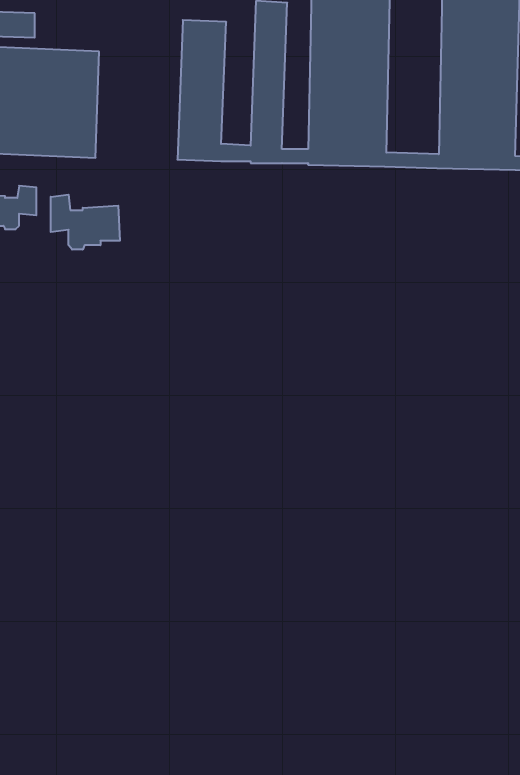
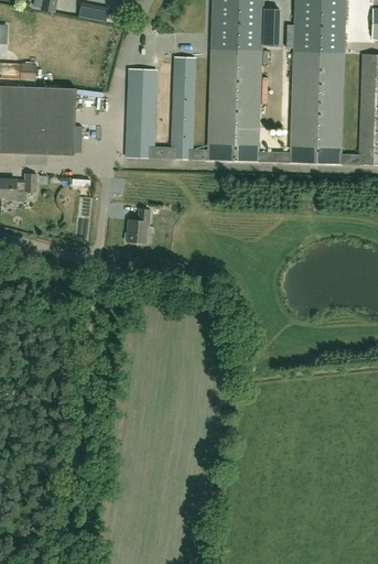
building: [51,195,120,250] -> none
building: none -> [127,207,151,242]

